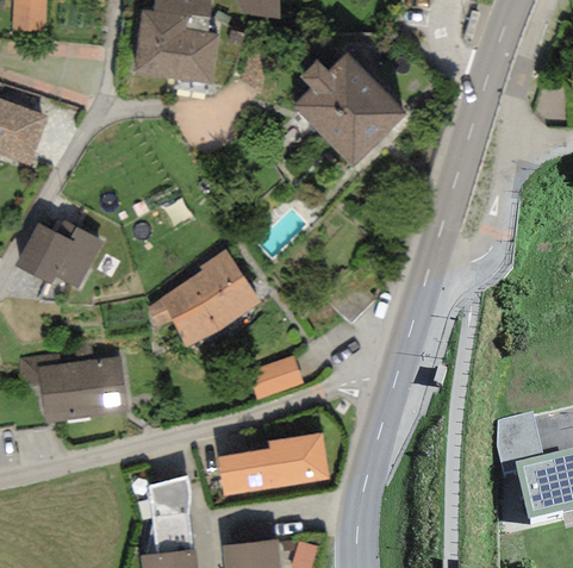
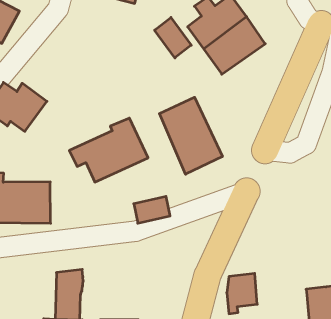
building: none -> [155,17,191,58]
building: none -> [159,97,222,174]
building: [496,411,542,474] -> [227,273,257,314]
building: [217,432,329,495] -> none

